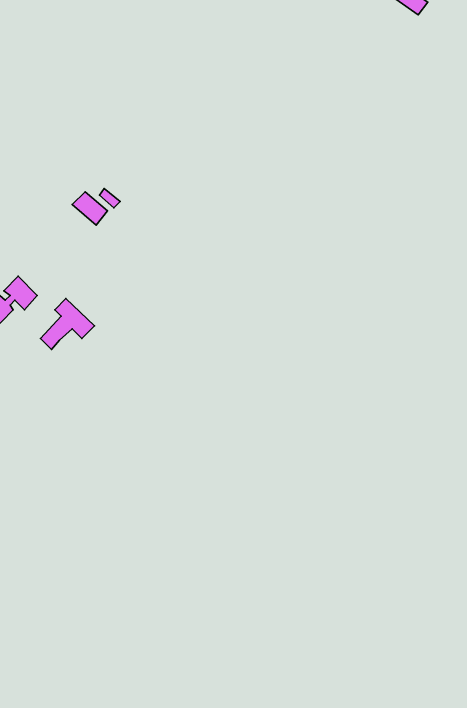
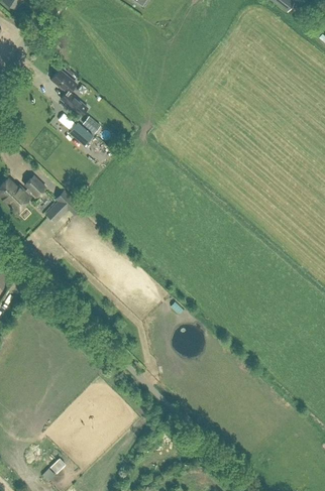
building: none -> [50,70,87,116]

